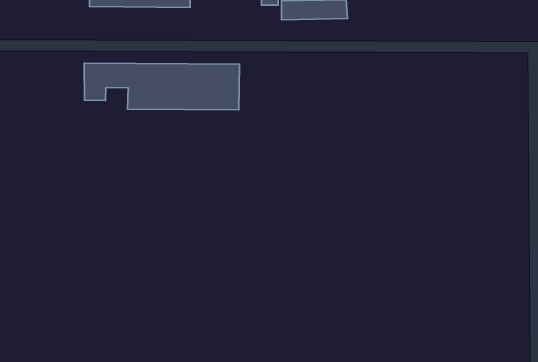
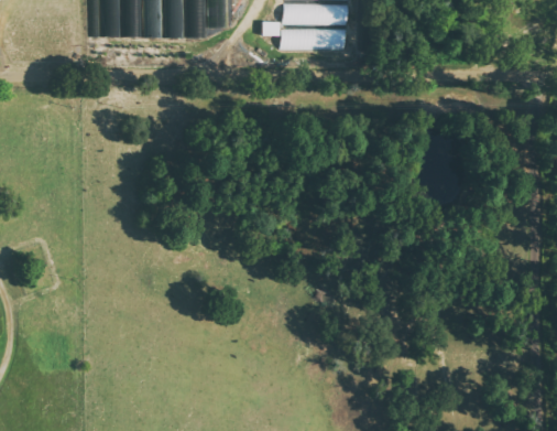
building: [84,63,240,110] -> none

